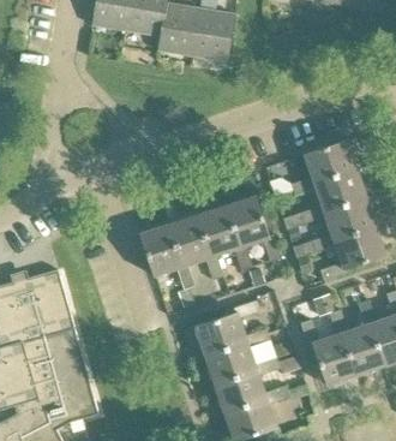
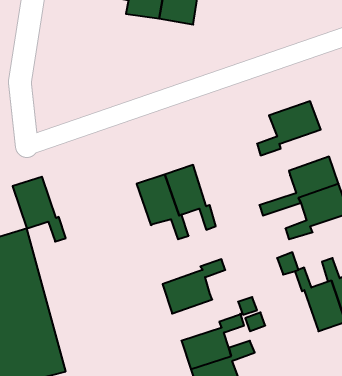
building: [284,168,365,227] -> none
building: [227,196,278,261] -> none
building: [139,224,193,290] -> [13,177,66,242]
building: [299,320,354,383] -> none
building: [205,327,274,383] -> none

